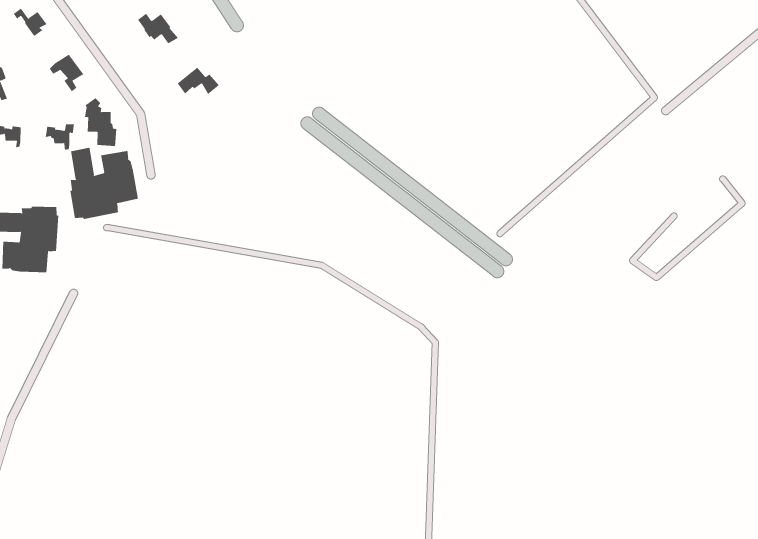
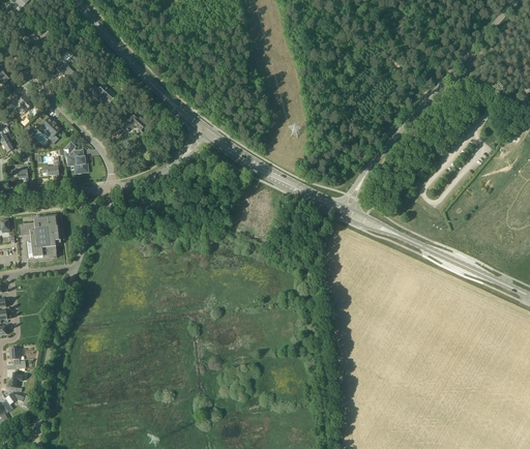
building: [70,147,138,220] -> none

